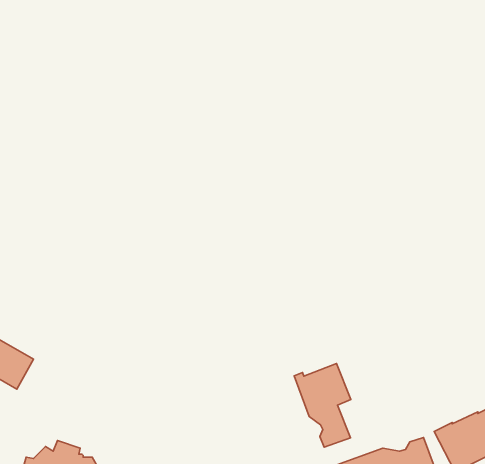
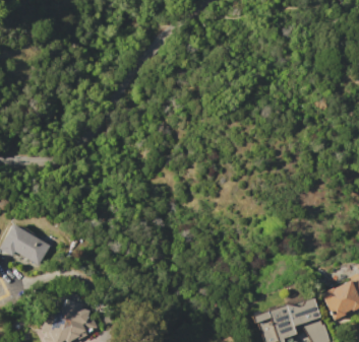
building: [294,363,351,447] -> none

